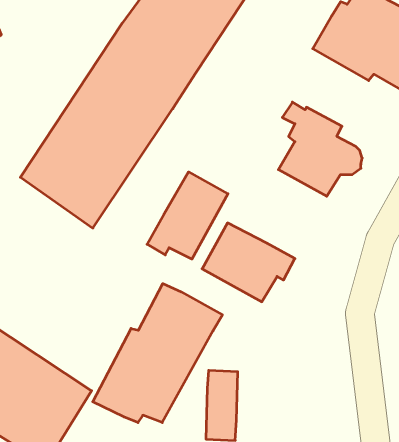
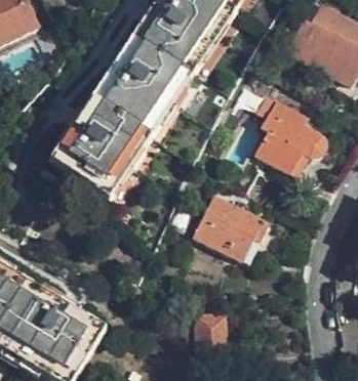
building: [147,172,228,259] -> none
building: [93,284,222,423] -> none

